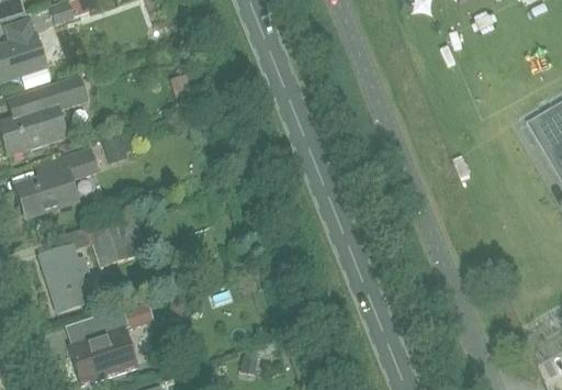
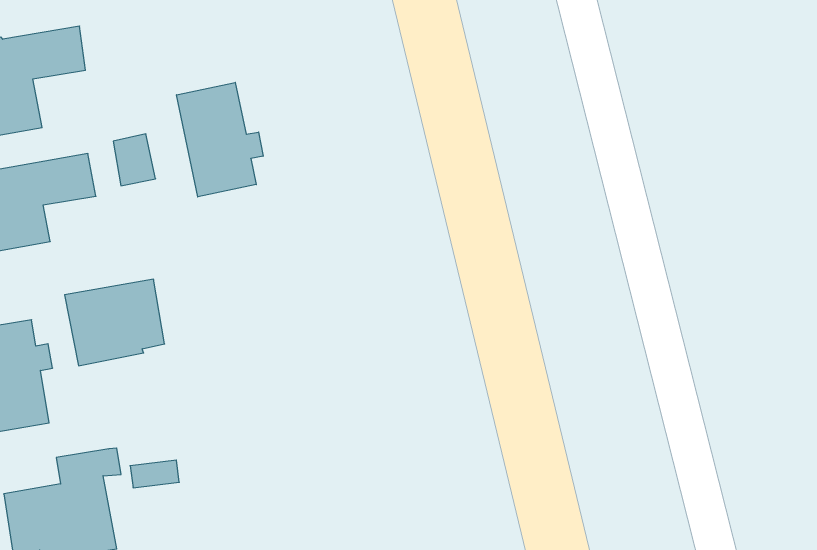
building: none -> [177,82,263,197]

